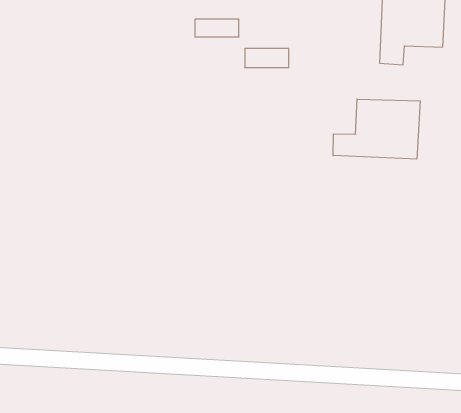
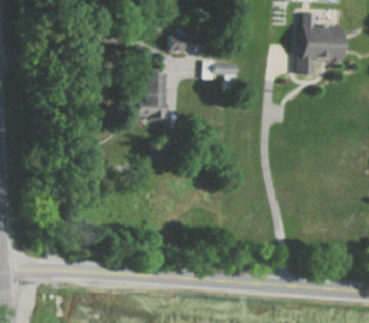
building: none -> [144,70,166,118]
building: [333,99,420,159] -> none

